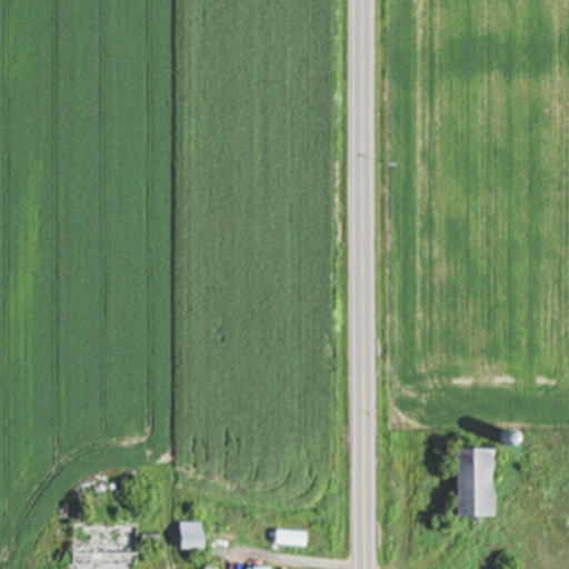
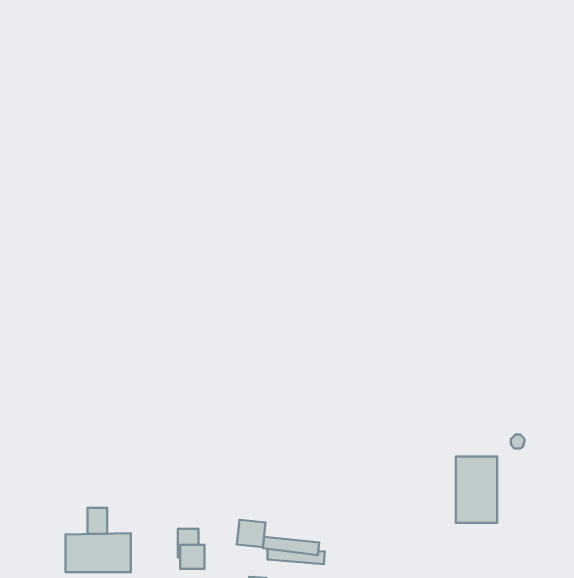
building: none -> [87,508,107,534]
building: none -> [237,520,266,547]

